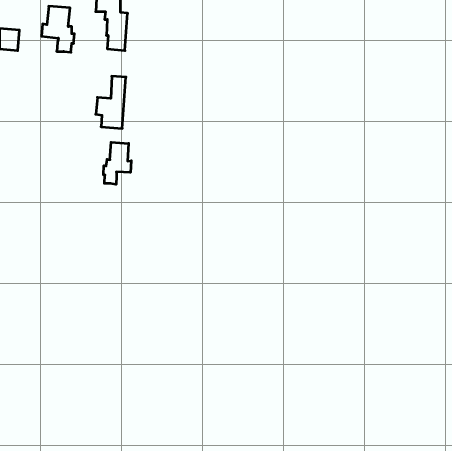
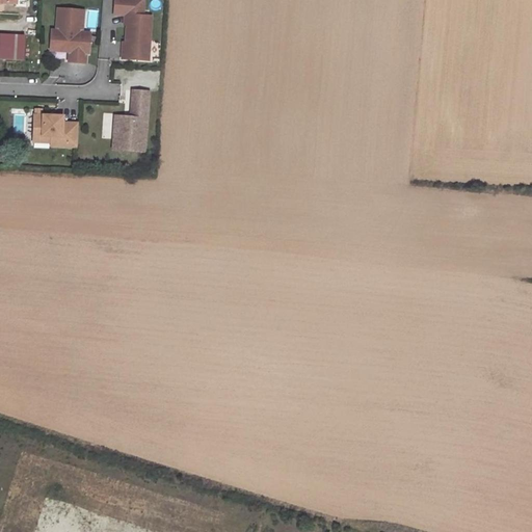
building: none -> [32,113,78,147]
building: [103,142,131,184] -> none

